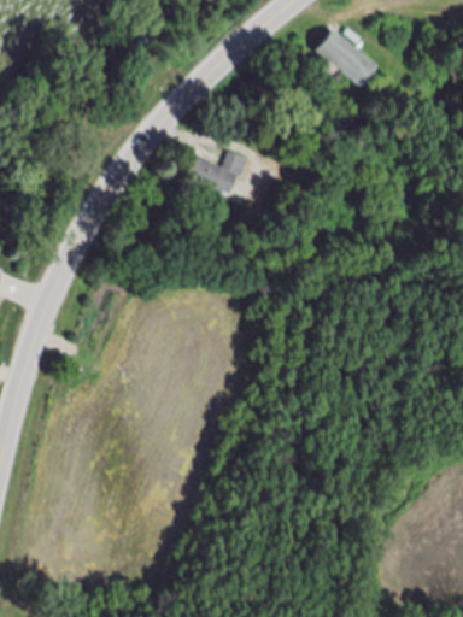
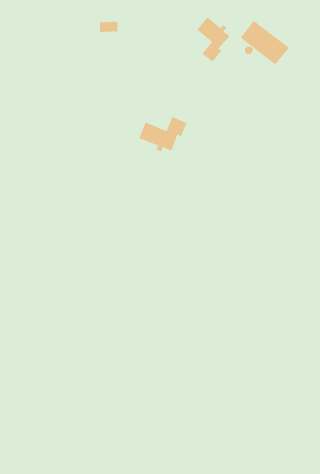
building: none -> [196,16,230,62]

